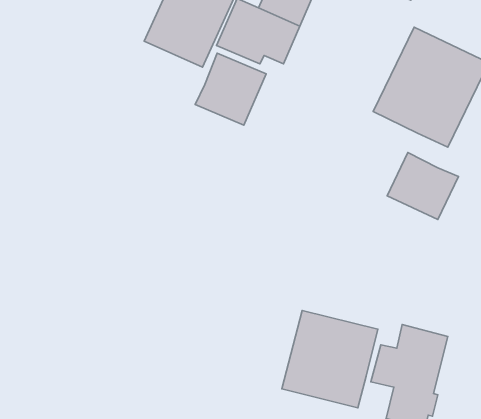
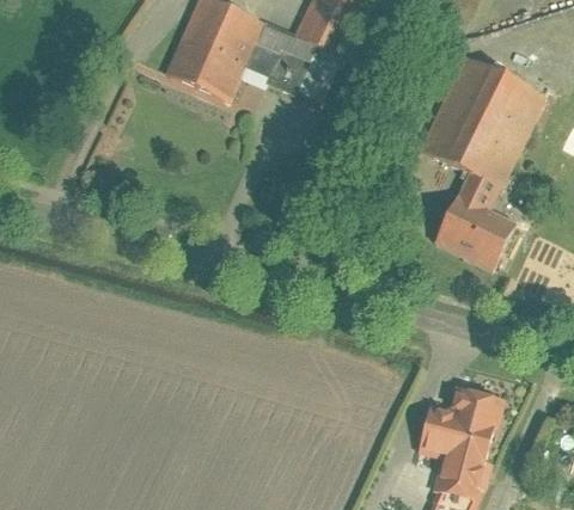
building: [195,53,266,125] -> none
building: none -> [459,171,503,209]
building: [282,310,378,408] -> none

